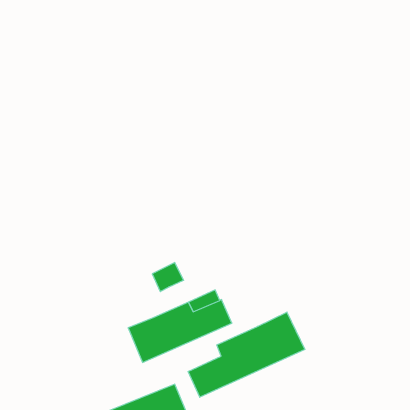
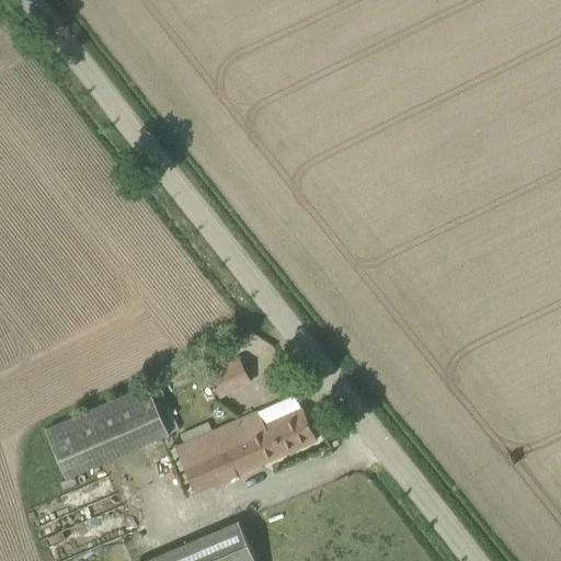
building: none -> [45,388,169,480]
building: [188,312,305,397] -> none

